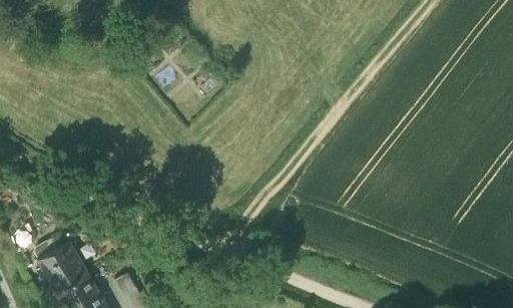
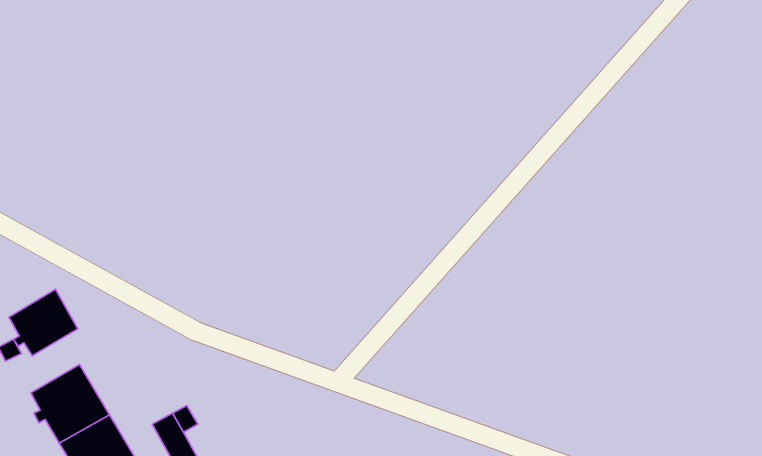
building: none -> [9,289,78,356]

